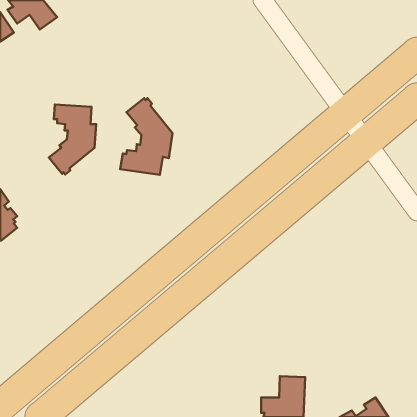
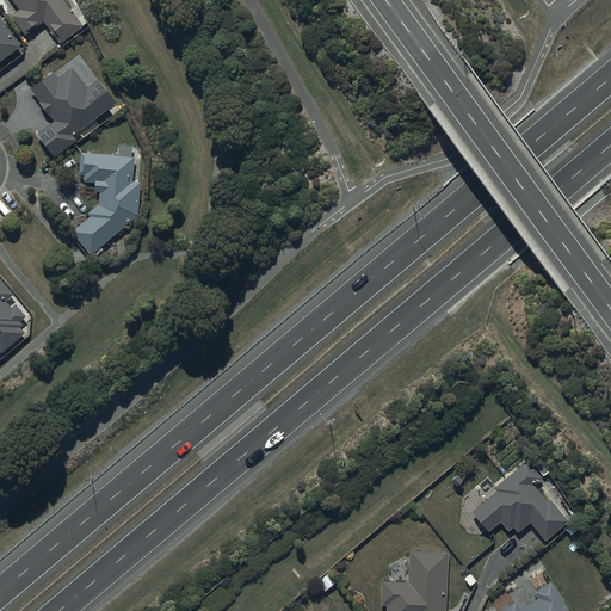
building: none -> [31,67,117,156]
building: [120,98,173,175] -> none
building: none -> [471,461,567,541]

